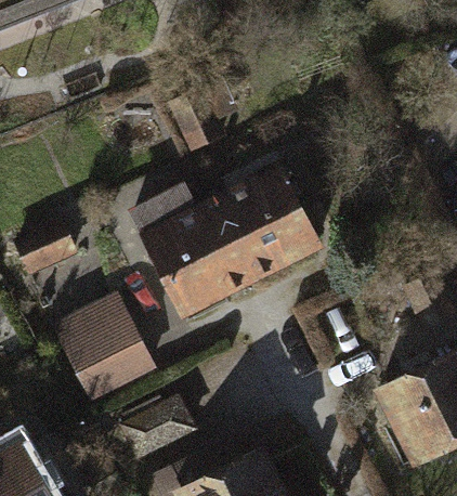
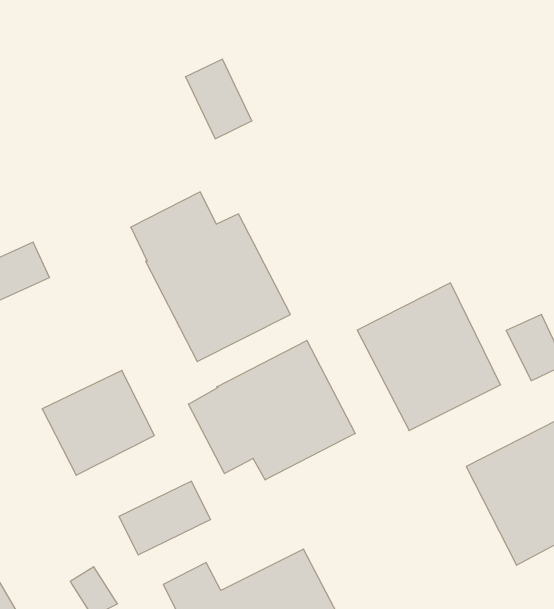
building: [212,167,317,275] -> [357,283,501,431]
building: none -> [188,340,355,480]

